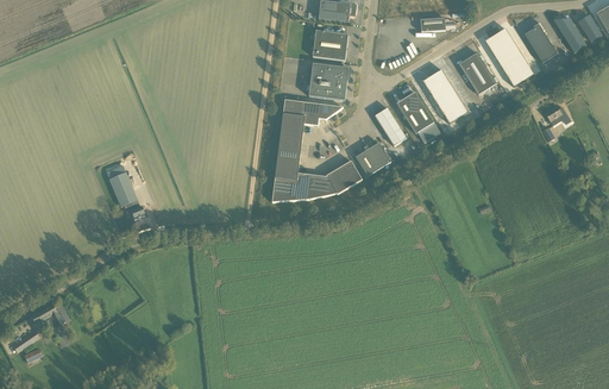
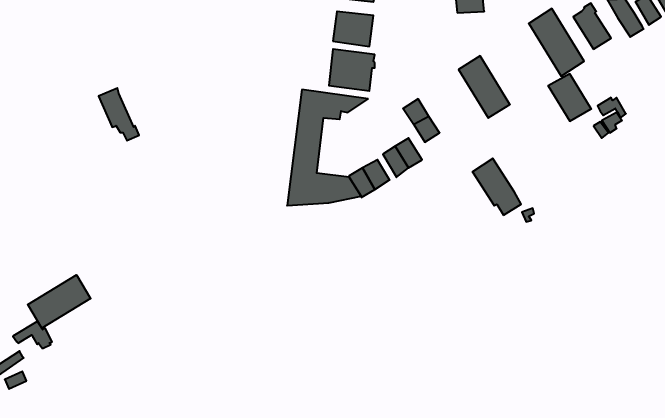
building: [458,51,496,93] -> [548,74,591,121]
building: [396,90,439,140] -> [472,158,521,215]
building: [108,170,144,217] -> [99,88,139,141]
building: none -> [28,275,91,328]

